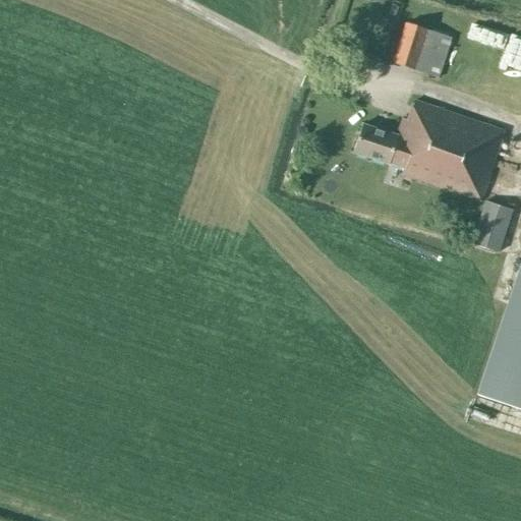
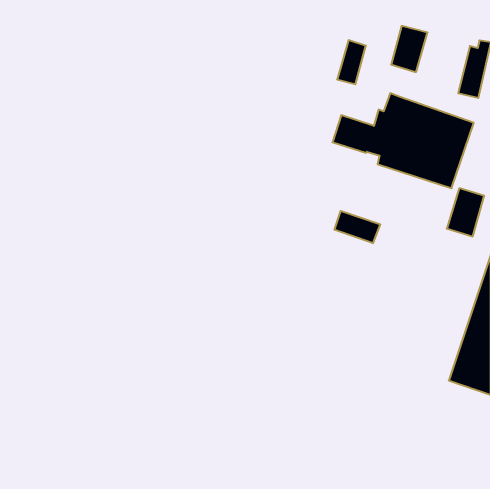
building: [396,21,426,68] -> [337,40,366,84]
building: none -> [335,211,380,243]

